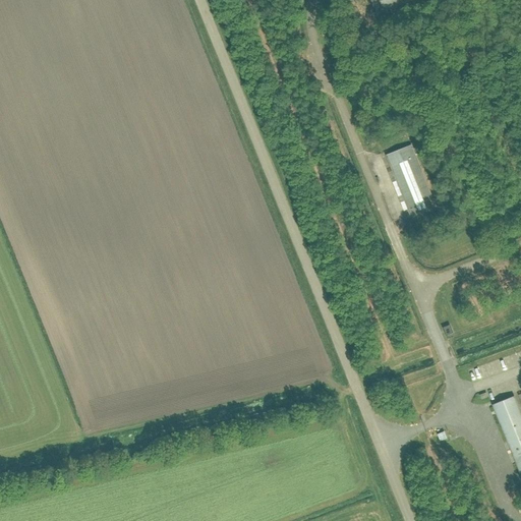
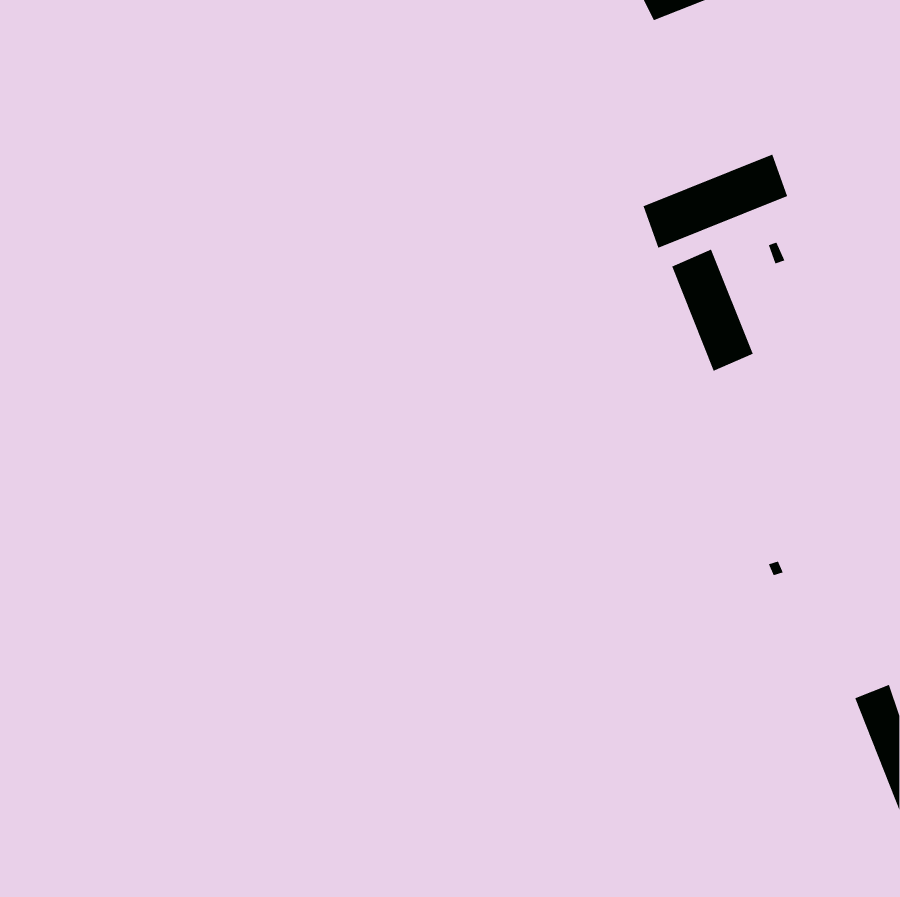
building: none -> [642,154,788,249]

